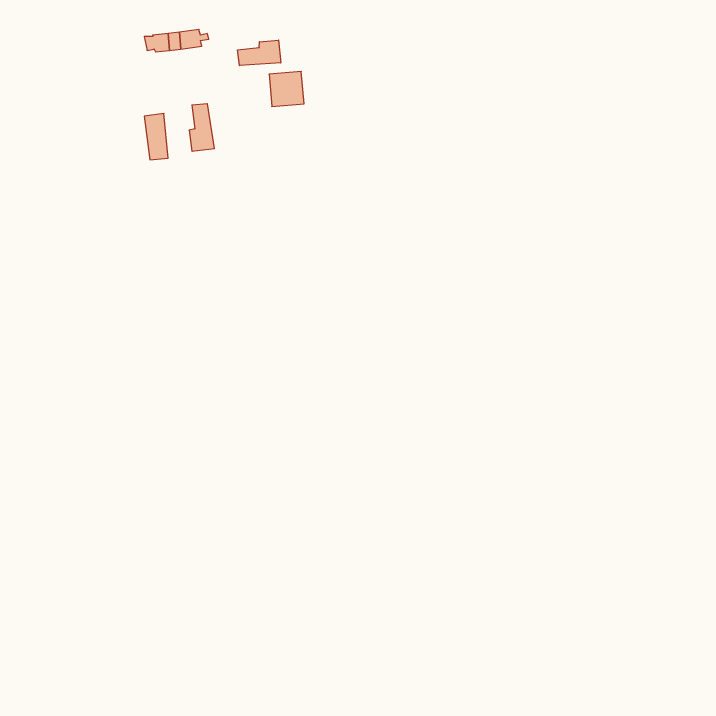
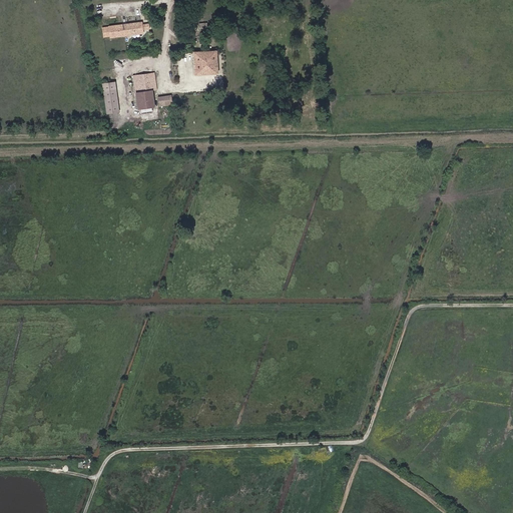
building: [238,40,281,66] -> none

